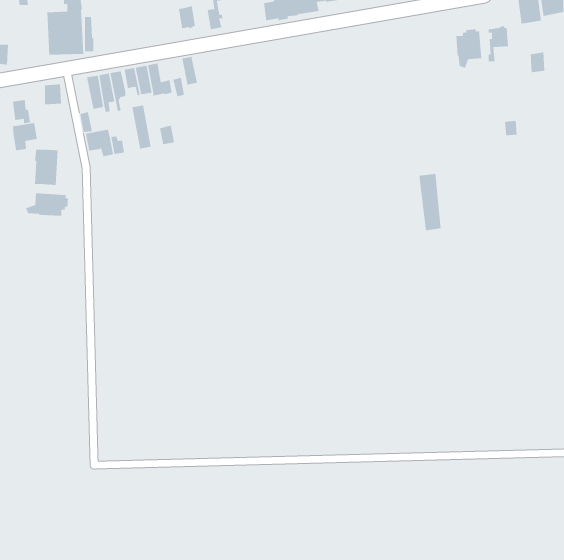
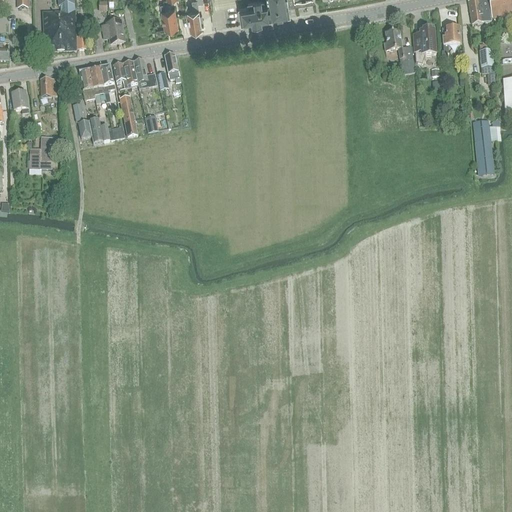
building: none -> [101,18,125,42]
building: none -> [383,29,414,72]
building: [12,122,38,151] -> none
building: [418,173,442,231] -> [472,120,493,172]
building: [25,193,69,217] -> none

